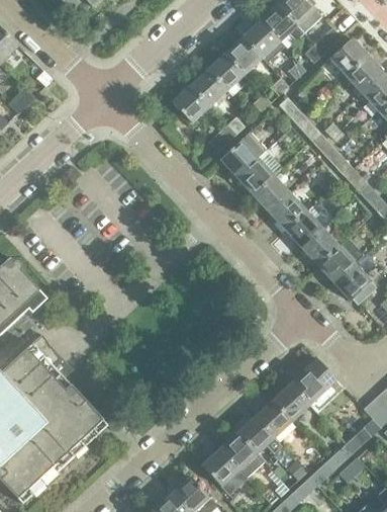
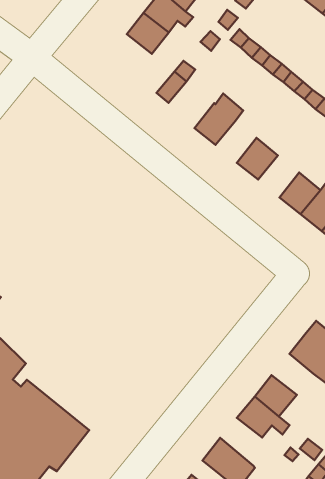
building: [173,87,209,123] -> none
building: [220,133,266,177] -> none
building: [253,176,289,212] -> none
building: [285,211,321,248] -> none
building: [272,385,308,421] -> none
building: [219,433,263,477] -> none

